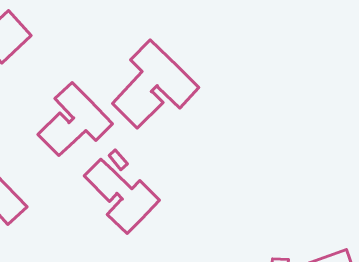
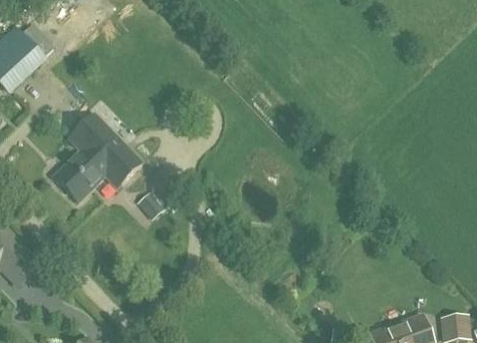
building: [112,40,199,128] -> none
building: [84,159,160,233] -> none

